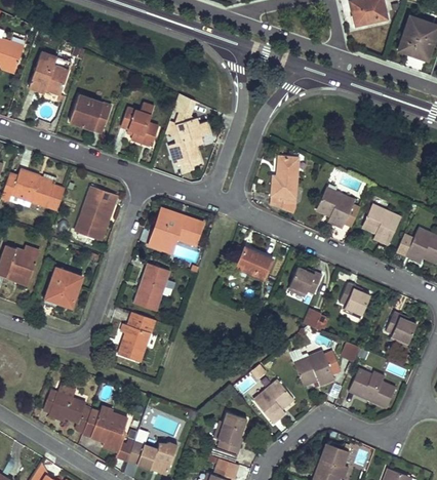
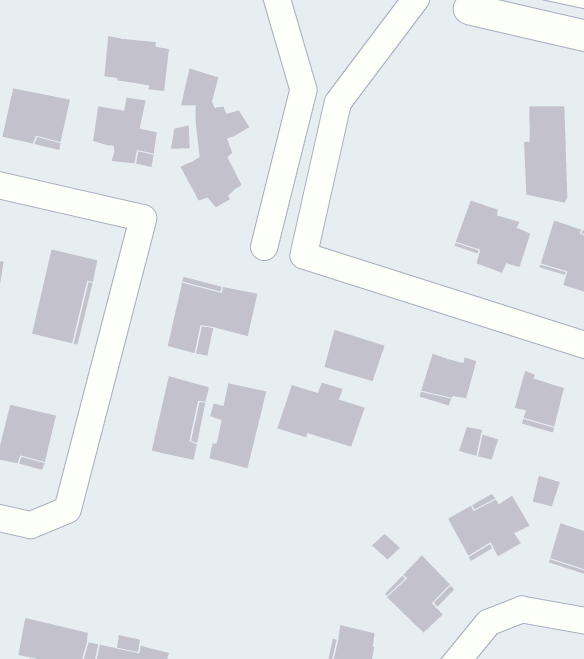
building: none -> [104,35,169,92]
building: [272,154,300,210] -> [523,106,568,203]
building: none -> [276,382,365,448]
building: [116,313,153,362] -> [208,383,267,469]

